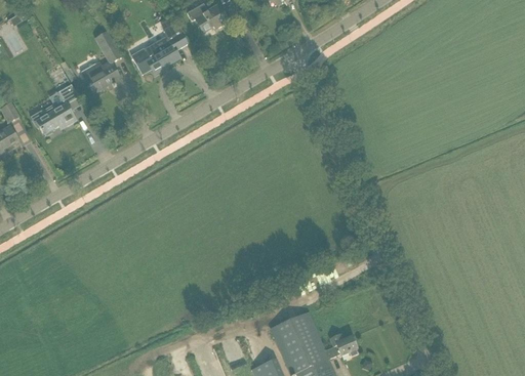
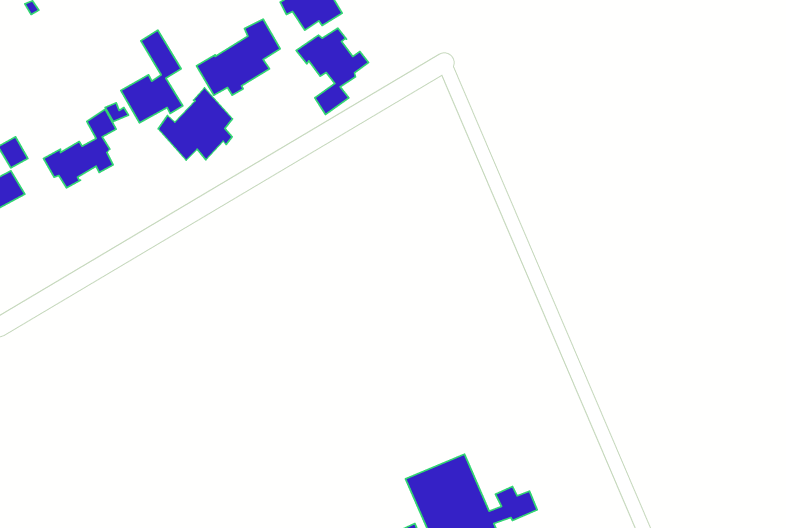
building: none -> [296,28,369,115]
building: none -> [158,88,233,160]

